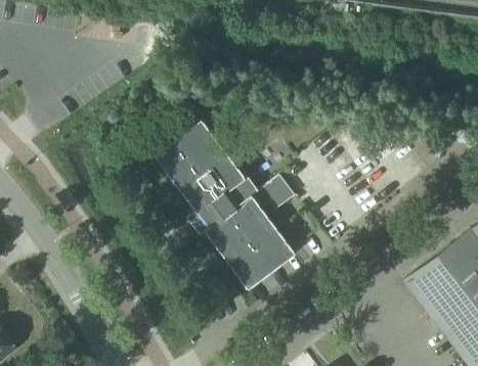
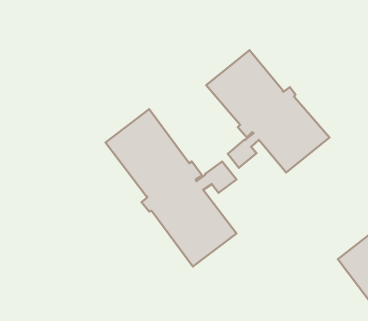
building: none -> [206,50,329,173]

